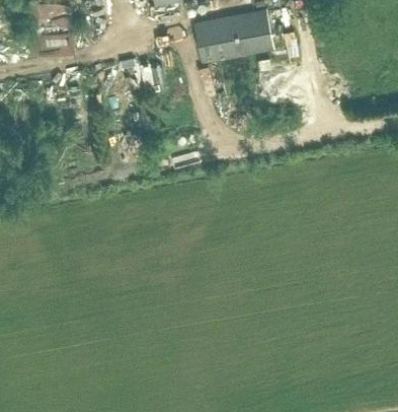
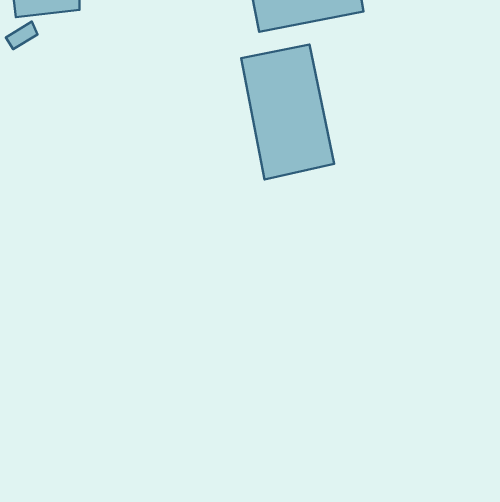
building: none -> [241,45,334,180]

